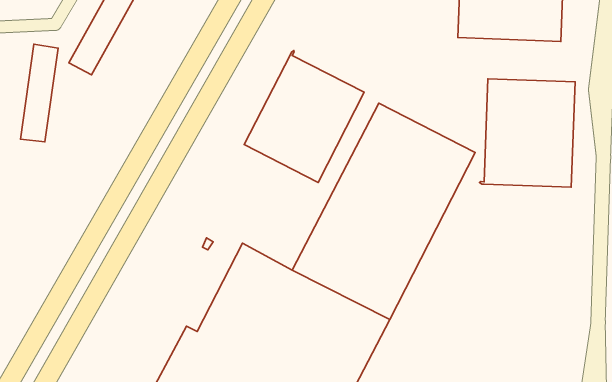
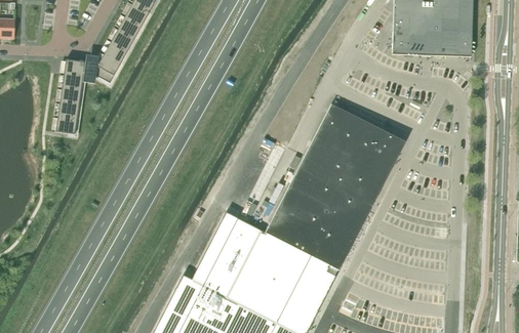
building: [244,50,364,182] -> none
building: [480,79,575,187] -> none

